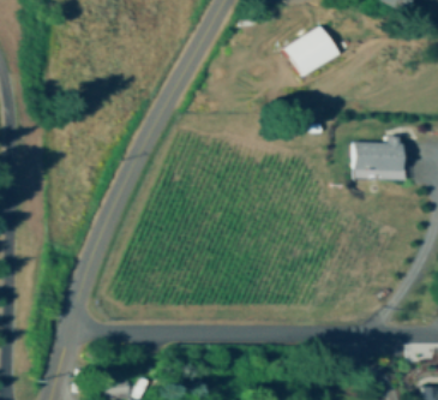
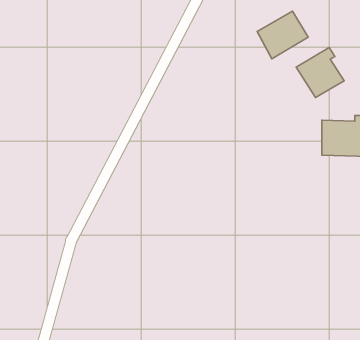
building: none -> [296,47,344,98]

